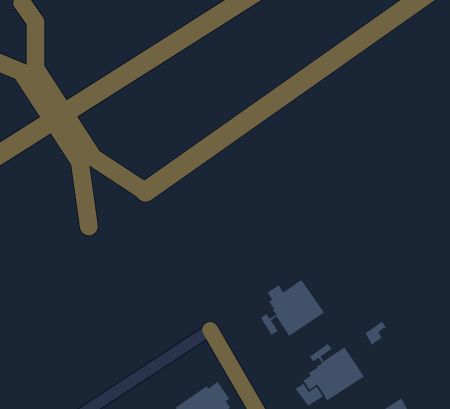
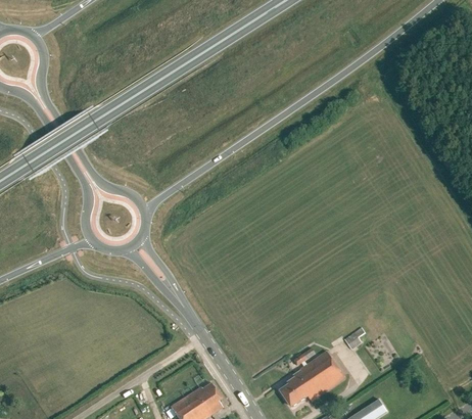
building: [260,279,325,337] -> none

